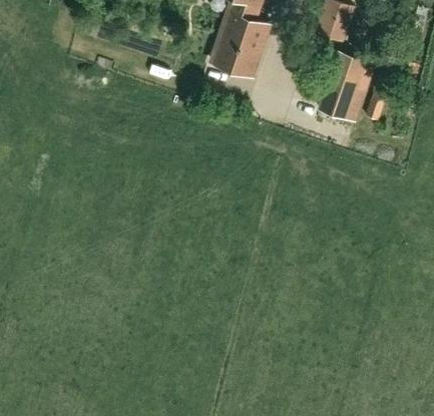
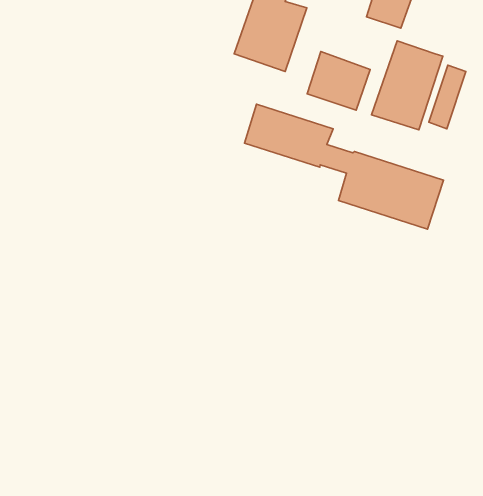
building: none -> [307,51,370,110]
building: none -> [245,104,444,229]

